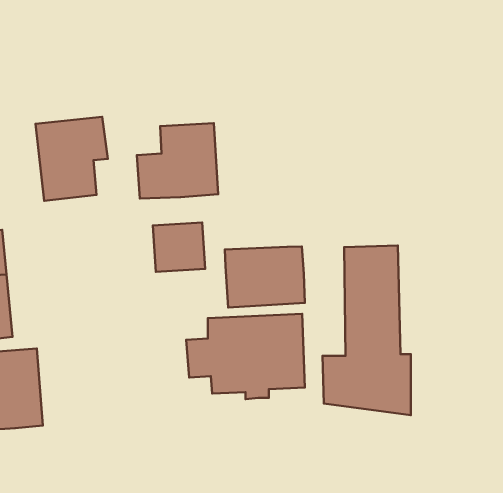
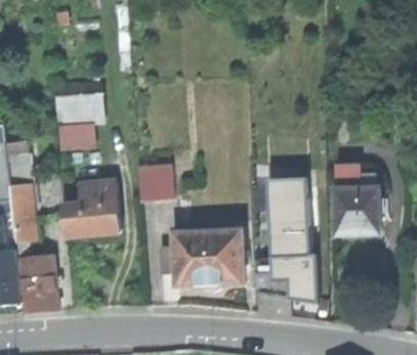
building: [137,123,218,199] -> [60,180,118,233]
building: none -> [335,174,378,233]
building: [225,247,305,307] -> none

